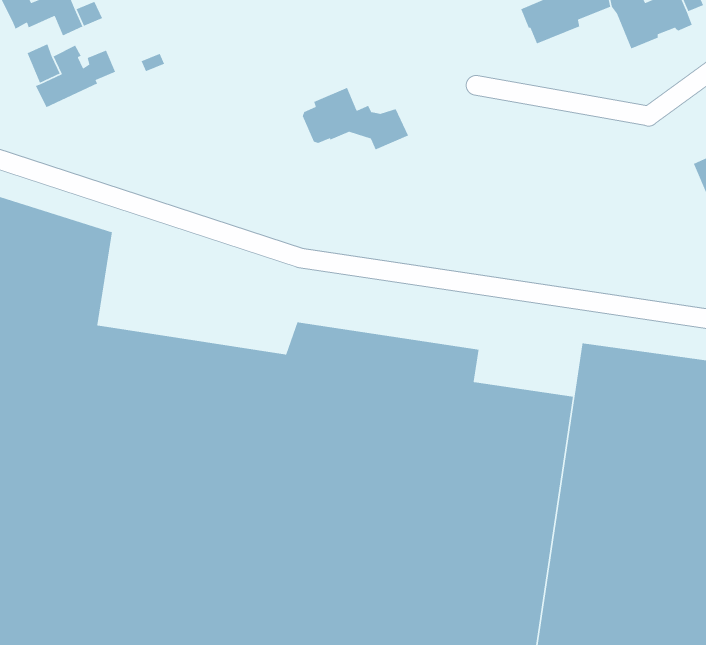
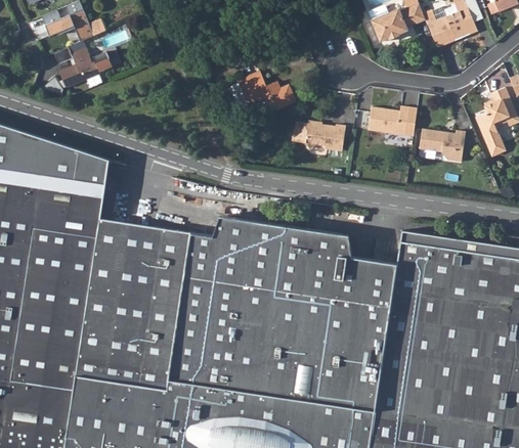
building: none -> [365,105,416,135]
building: none -> [289,122,343,152]
building: none -> [415,131,464,165]

